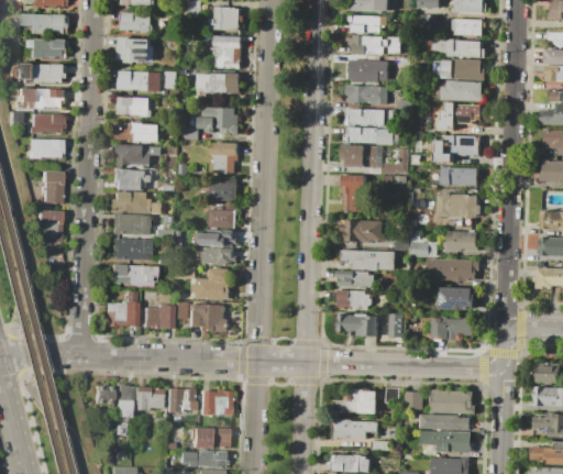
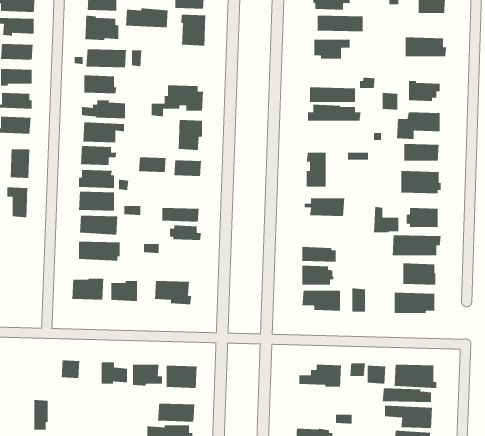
building: [433,38,484,57] -> none
building: [196,73,240,93] -> [125,8,169,28]
building: [441,80,484,102] -> none
building: [346,86,387,103] -> none
building: [342,145,383,166] -> none
building: [207,209,235,225] -> [138,156,166,173]
building: [341,250,396,269] -> none
building: [192,267,230,299] -> none
building: [117,385,132,417] -> [33,399,49,431]
building: [333,419,377,438] -> none

